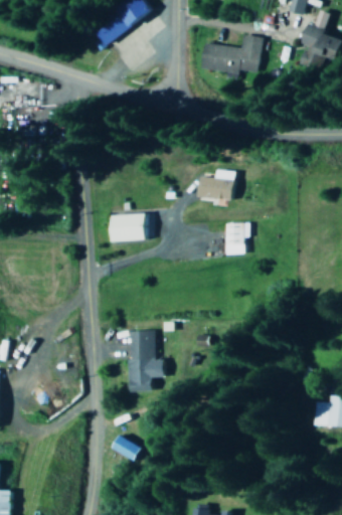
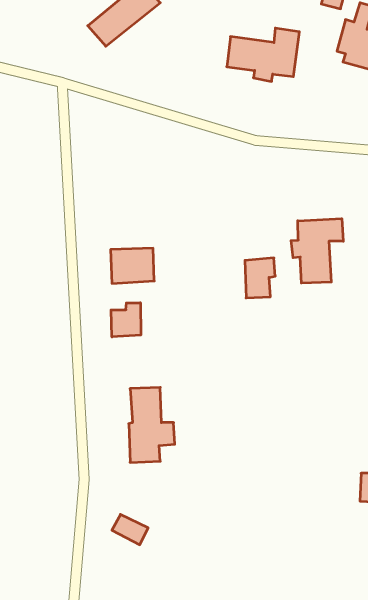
building: [199,171,235,200] -> none
building: none -> [291,219,343,283]
building: none -> [111,303,141,337]

